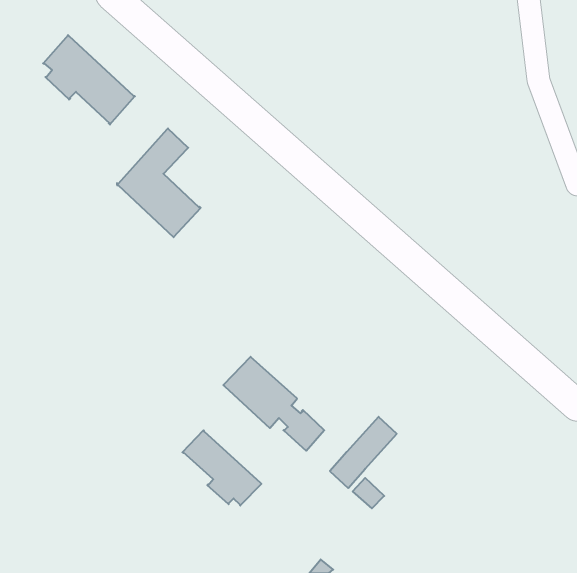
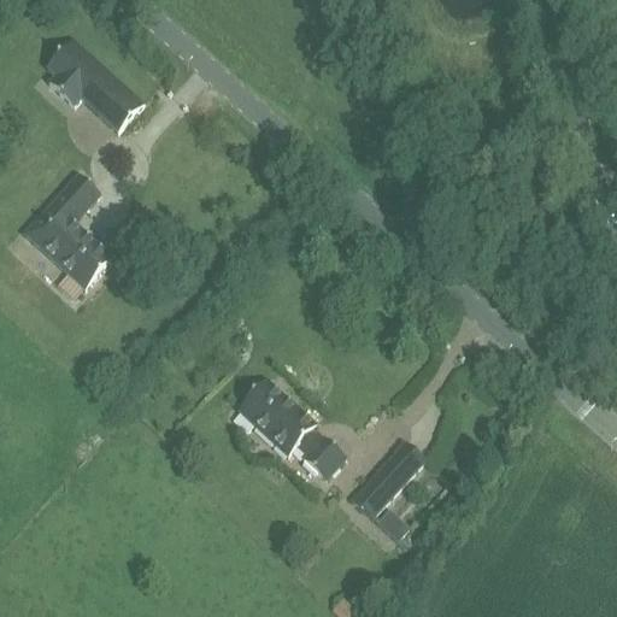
building: [117,128,201,237] -> [24,174,113,289]
building: [182,430,261,506] -> none

